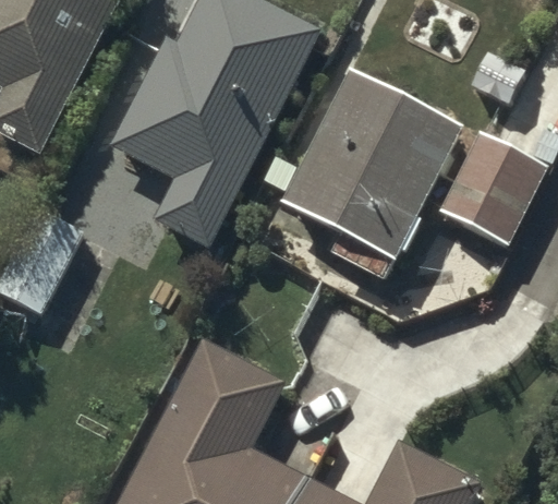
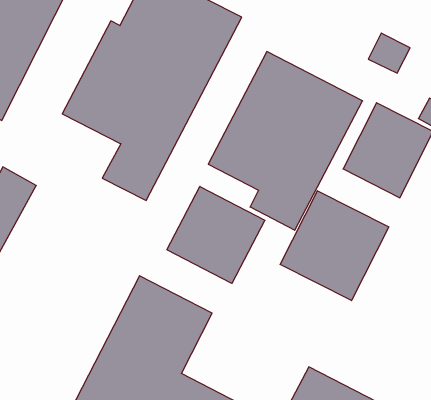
building: none -> [167,186,265,283]
building: none -> [280,191,389,301]

